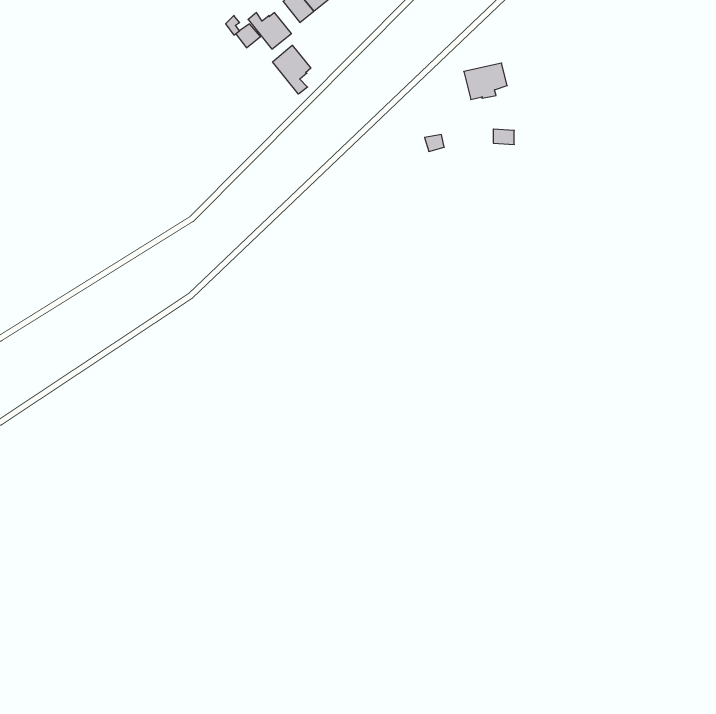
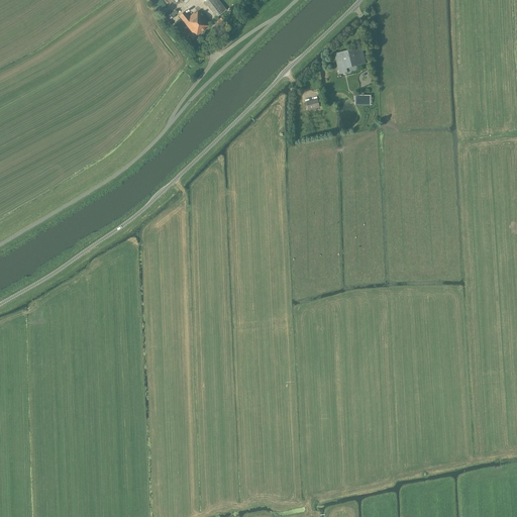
building: [273,45,311,94] -> none

